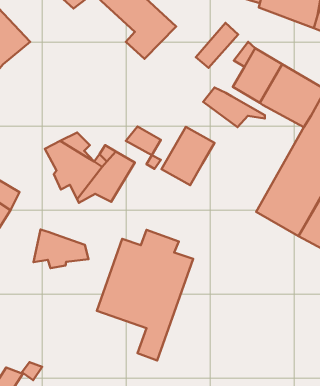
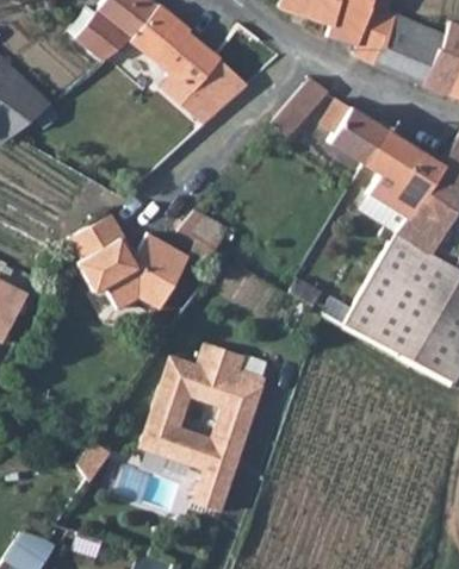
building: [203,88,265,127] -> none
building: [161,127,215,185] -> none
building: [34,229,88,268] -> none

